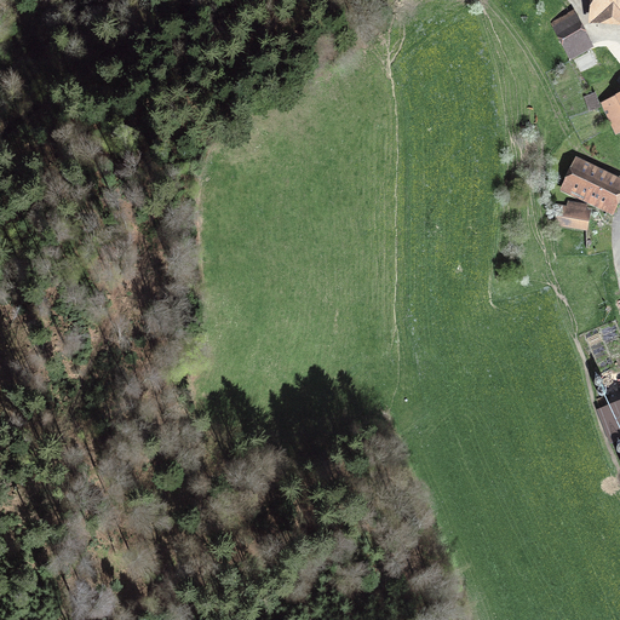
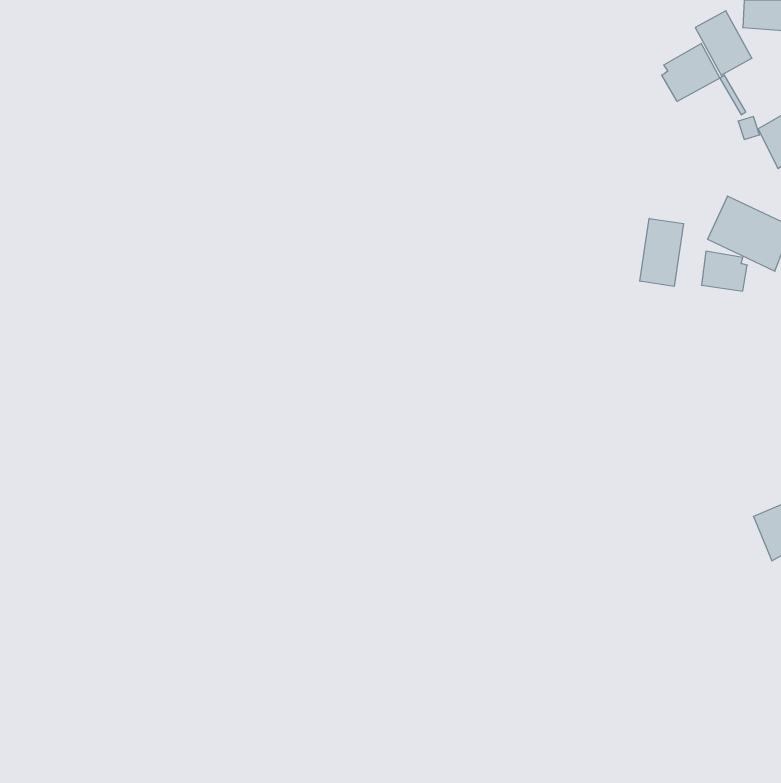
building: none -> [662,43,720,101]
building: none -> [640,218,684,286]

